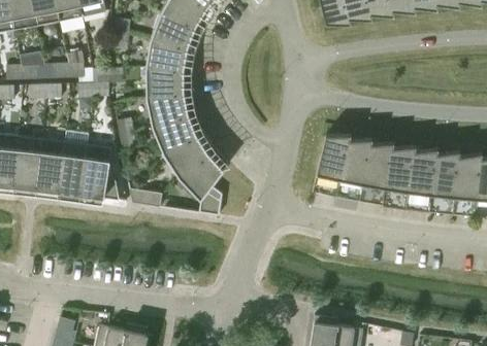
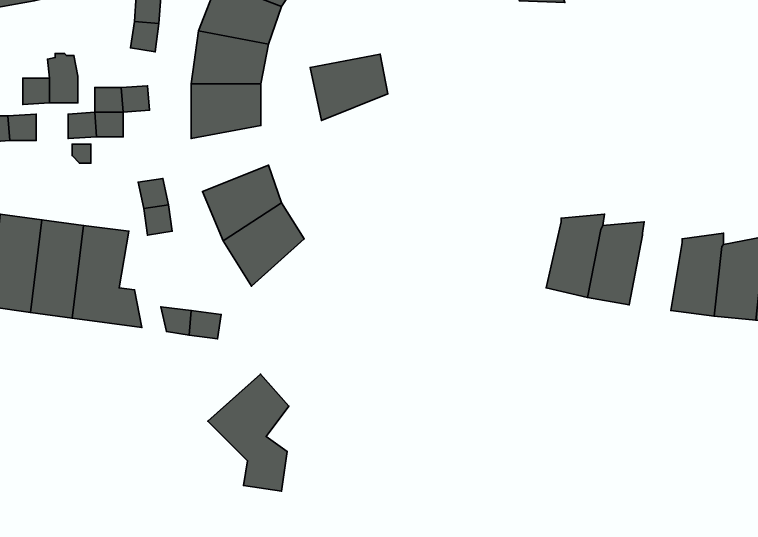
building: [145,91,188,127] -> [310,54,388,120]
building: [316,135,350,179] -> none
building: [385,146,415,192] -> none
building: [178,152,223,216] -> [208,374,289,491]

